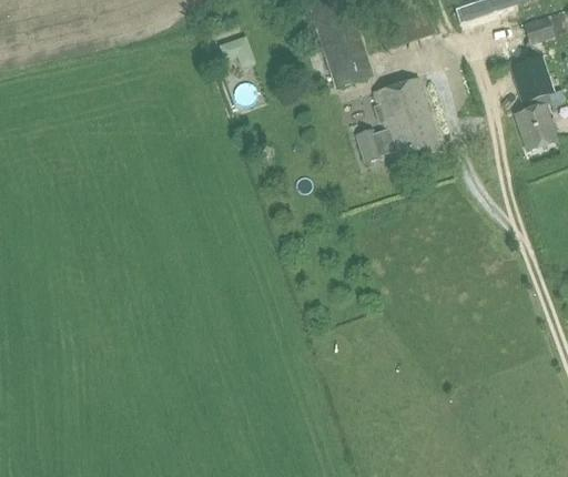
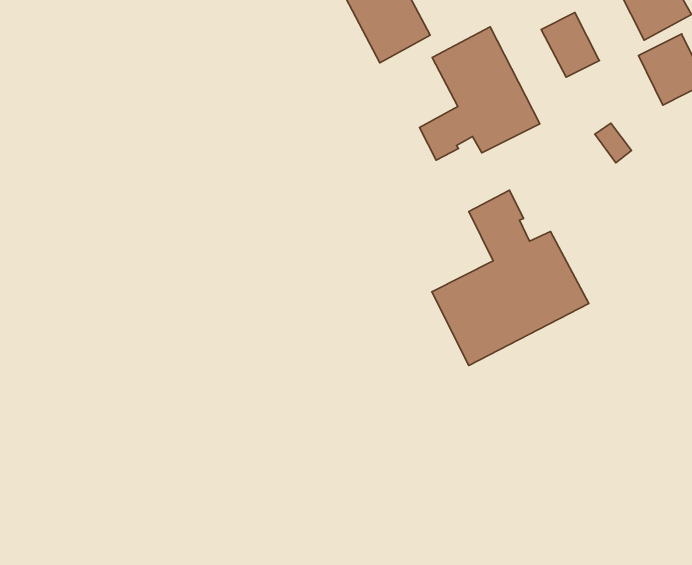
building: none -> [541,12,600,77]
building: none -> [432,190,589,366]

